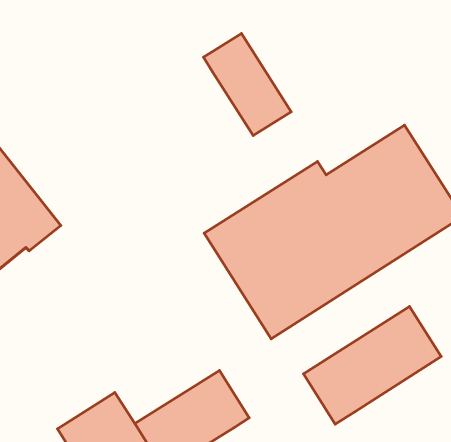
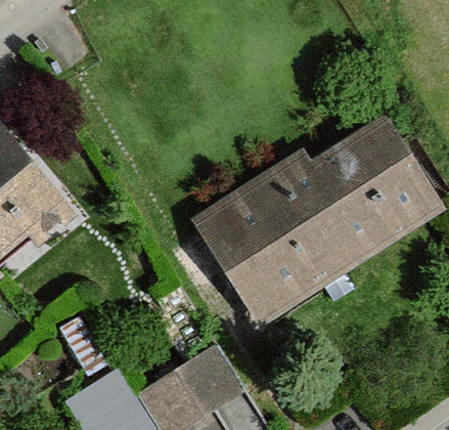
building: [203,33,291,136] -> none
building: [303,306,441,424] -> none

